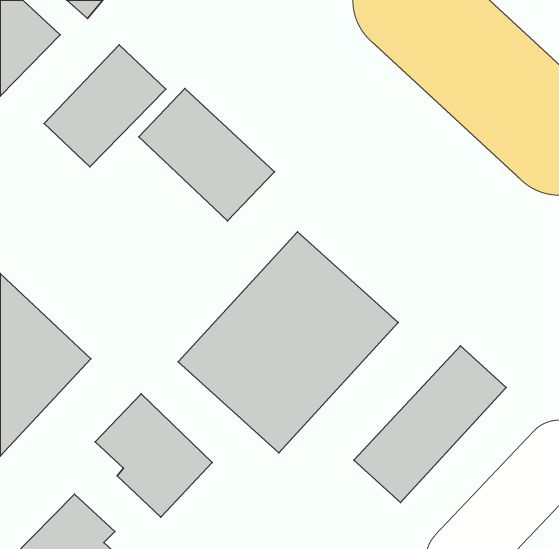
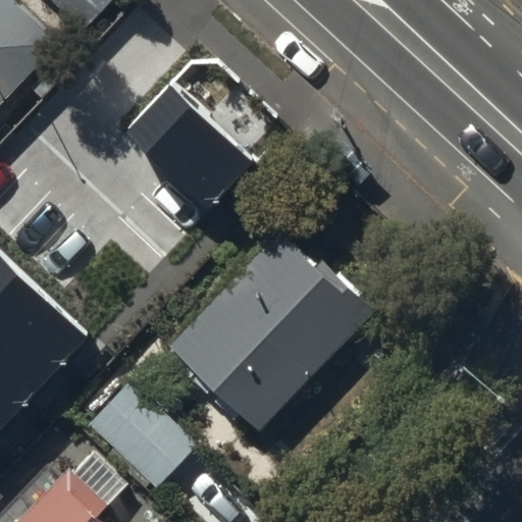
building: [44,45,166,167] -> none
building: [354,346,506,503] -> none

